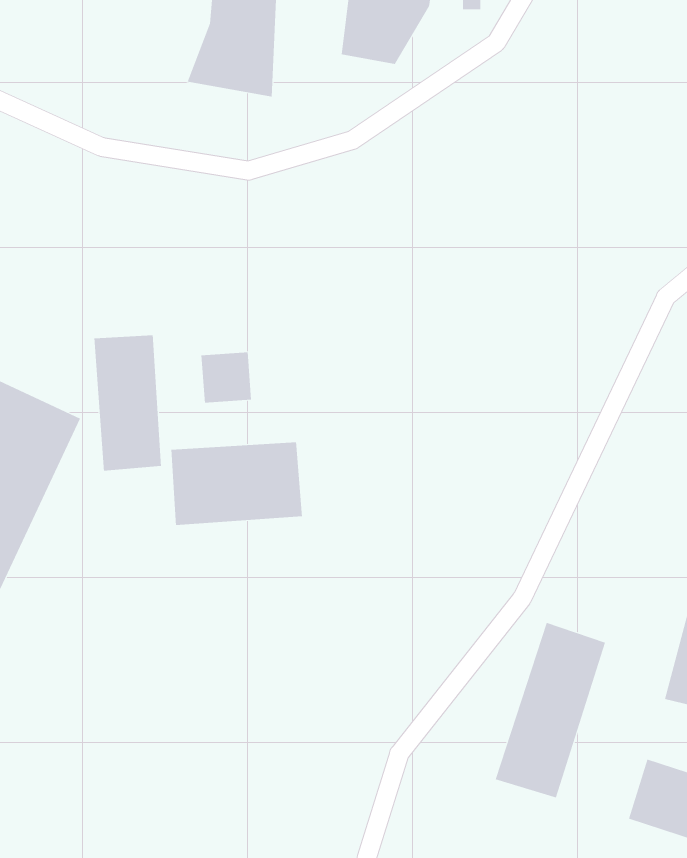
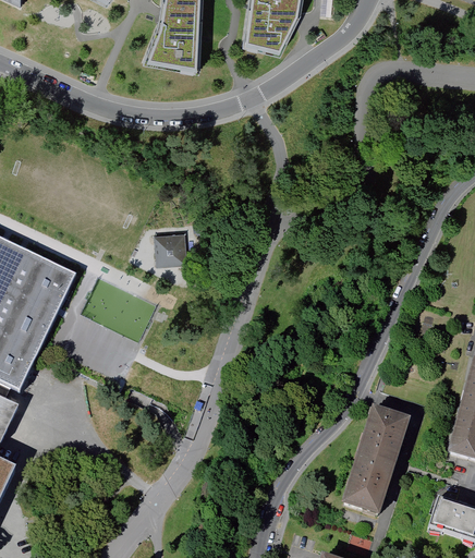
building: [94,334,161,472] -> none
building: [171,441,303,526] -> none

